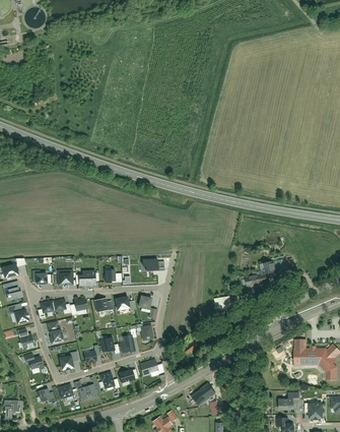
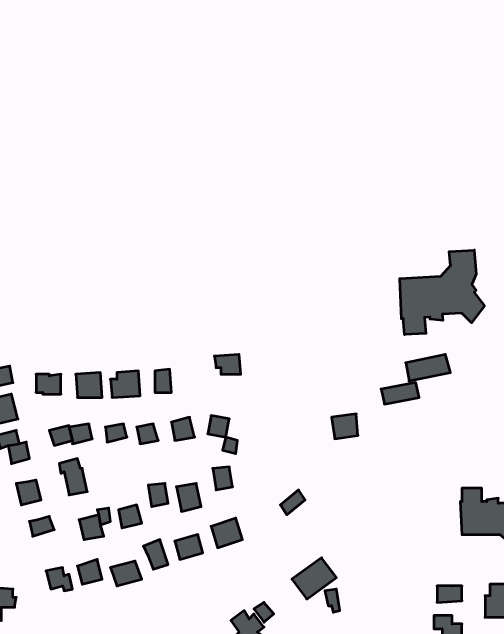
building: none -> [400,250,484,335]

